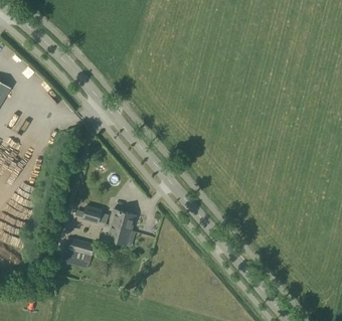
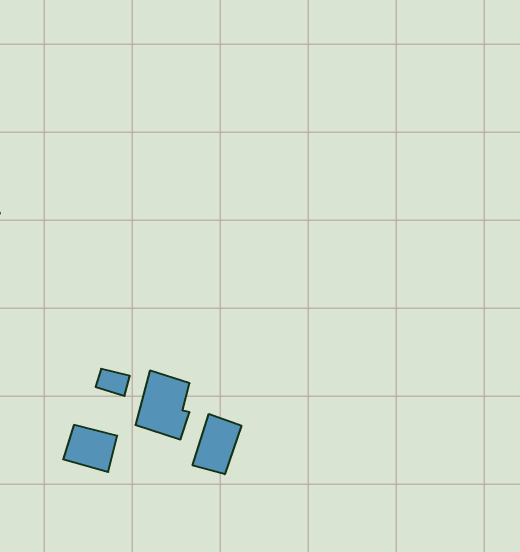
building: none -> [193,414,241,474]

